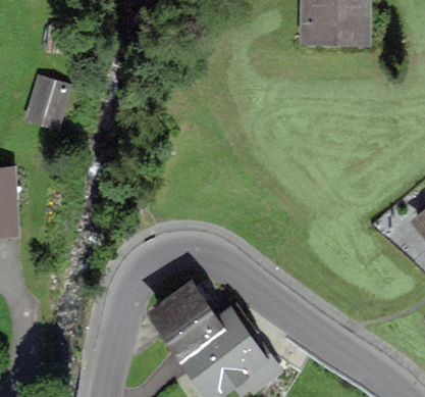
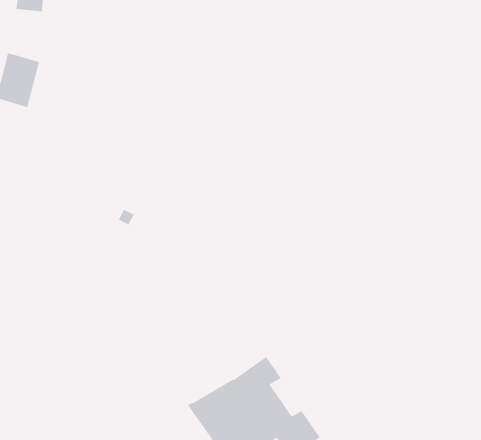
building: [157,289,217,343] -> none

